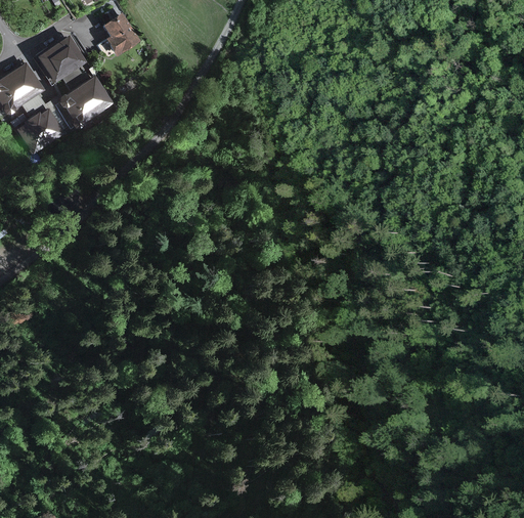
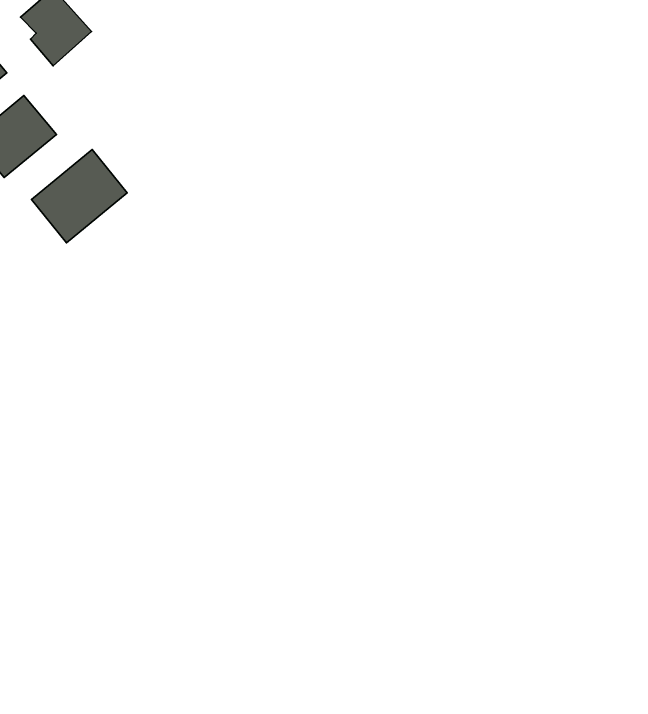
building: none -> [31,149,127,243]

